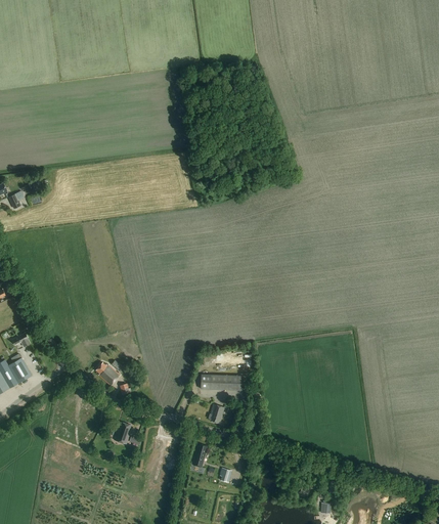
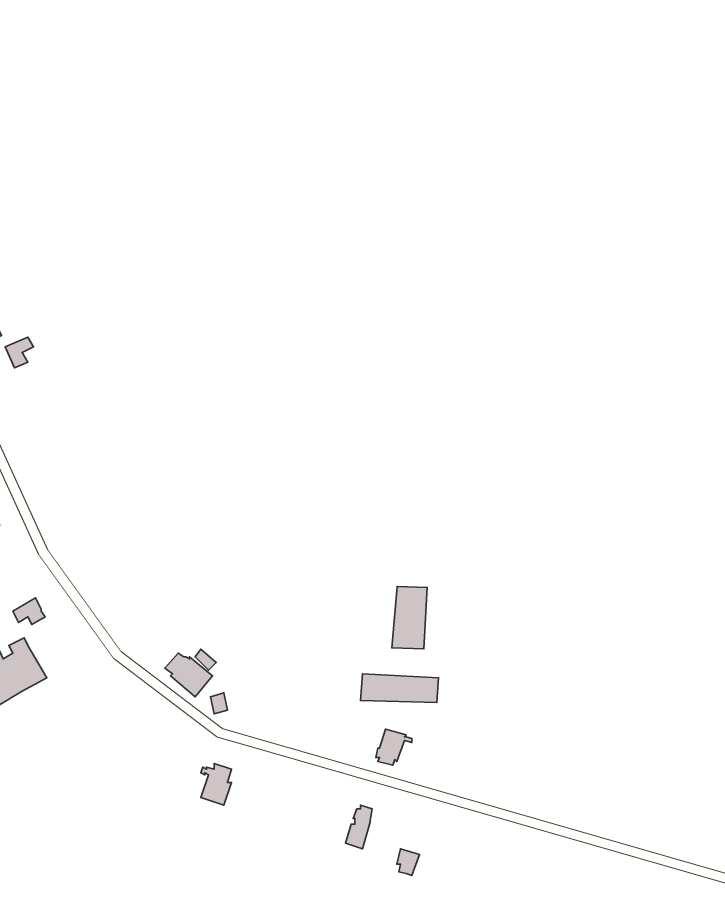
building: none -> [392,587,427,649]

